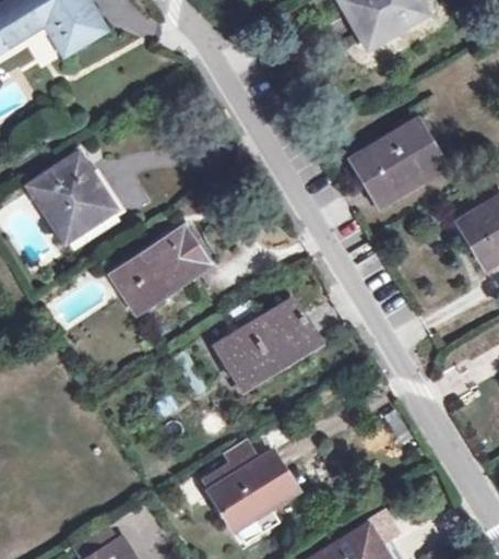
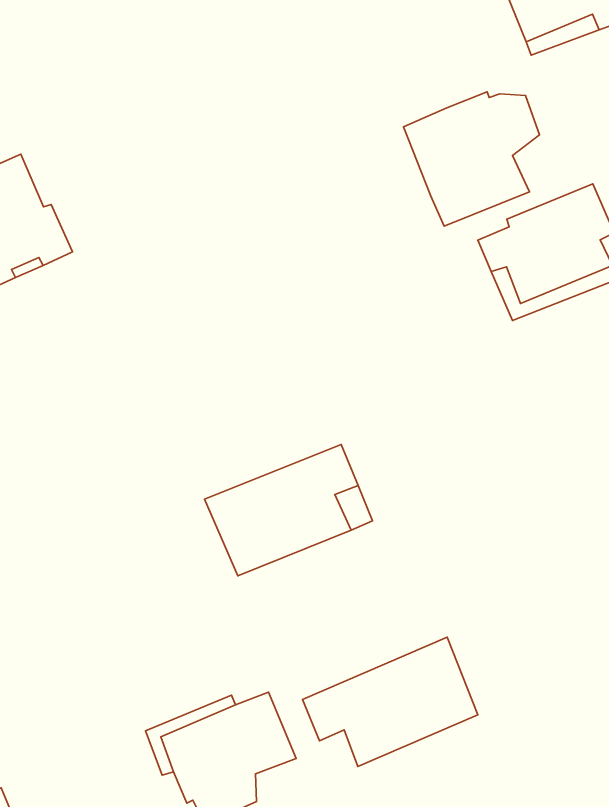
building: none -> [404,92,540,226]
building: [115,227,211,309] -> none
building: none -> [303,637,478,766]

